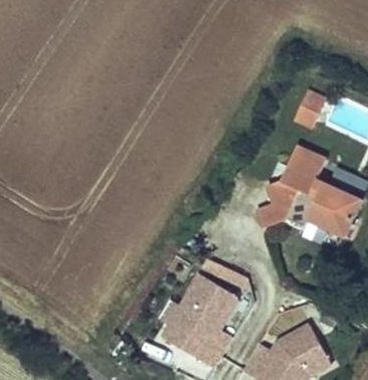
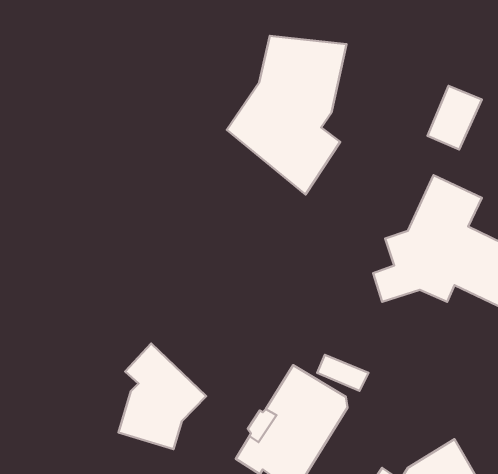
building: none -> [227,36,347,194]
building: none -> [118,343,206,449]

